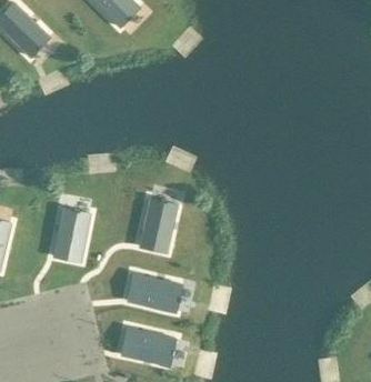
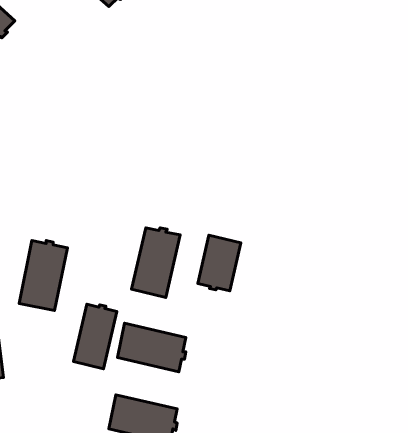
building: none -> [198,235,241,291]
building: none -> [73,304,117,369]

